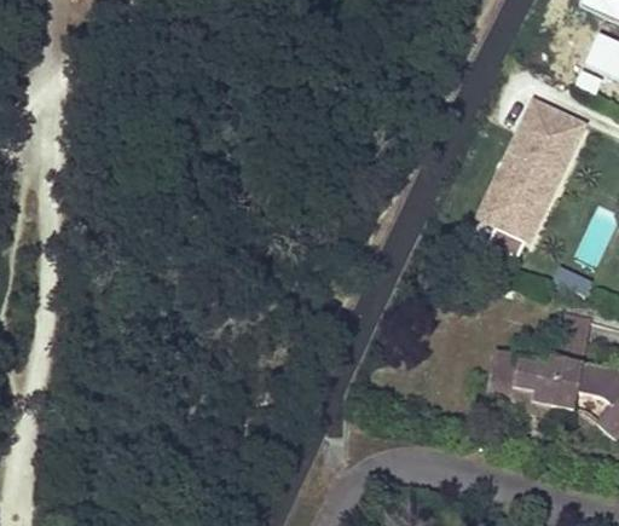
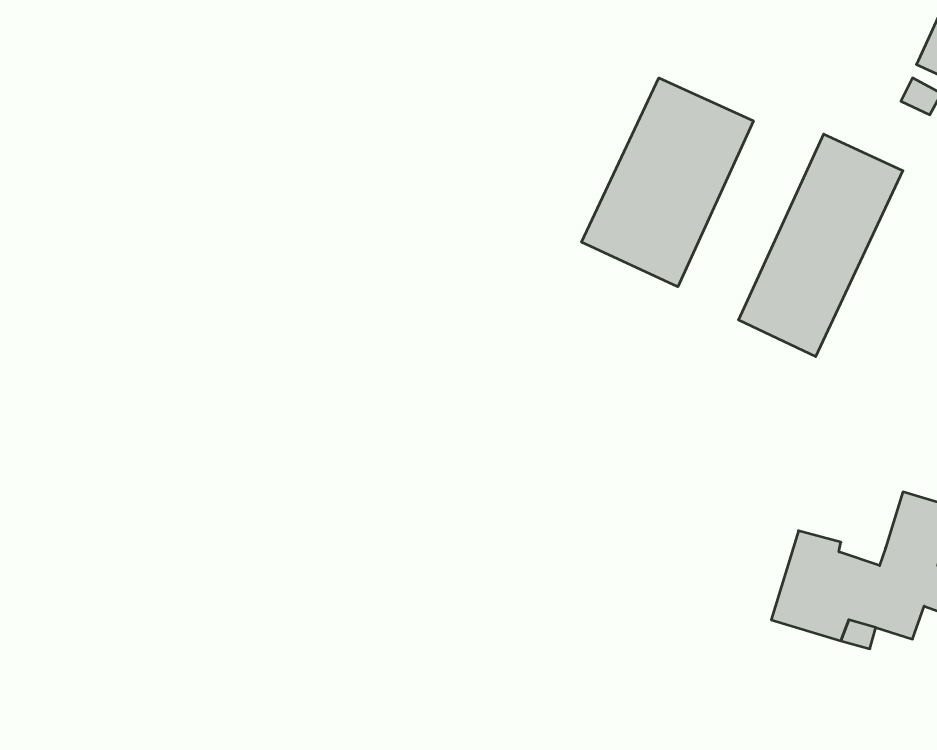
building: none -> [582,78,753,287]

